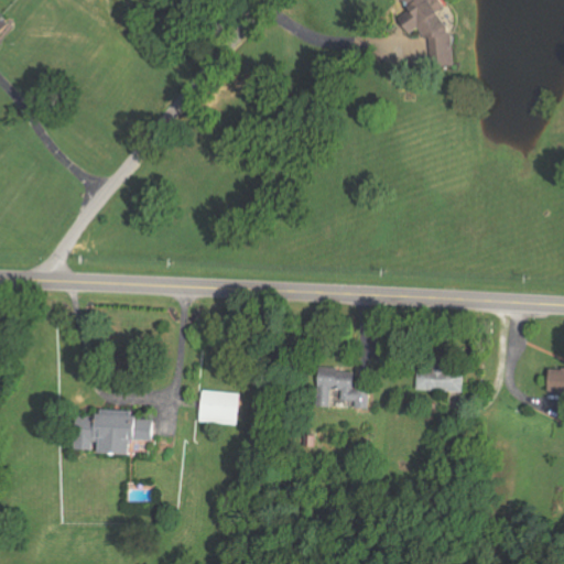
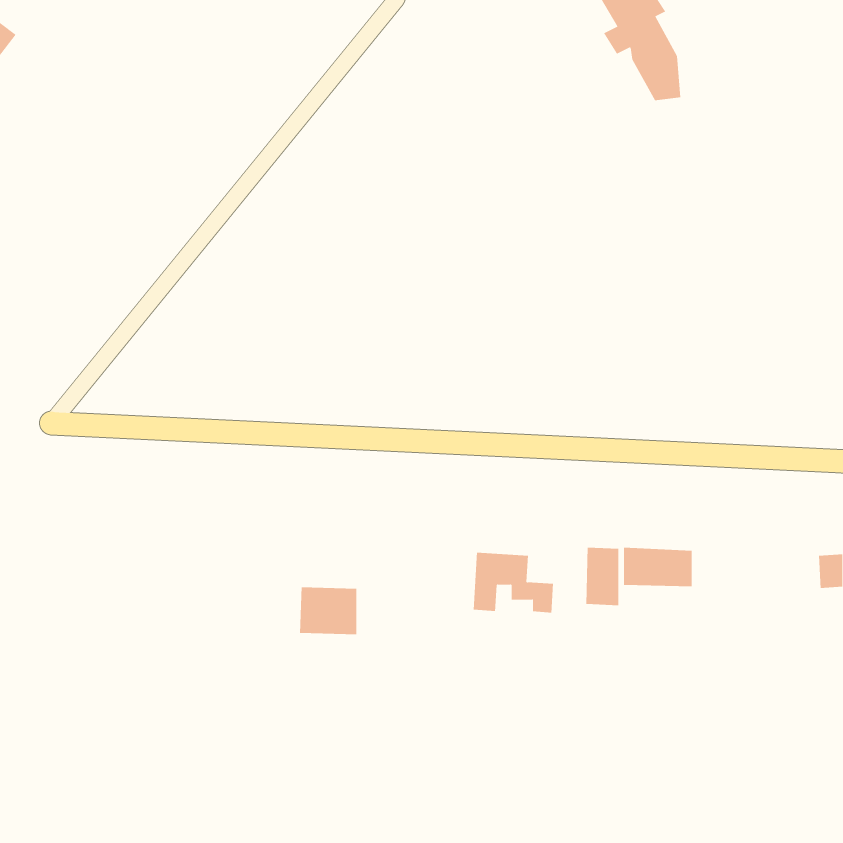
building: none -> [586,547,619,606]
building: [73,409,153,455] -> none

